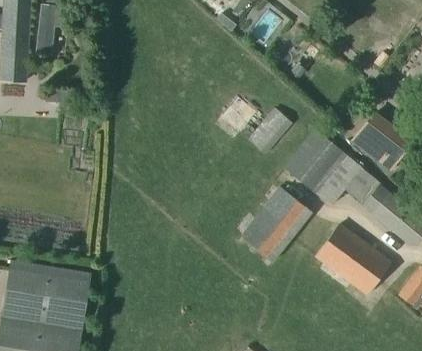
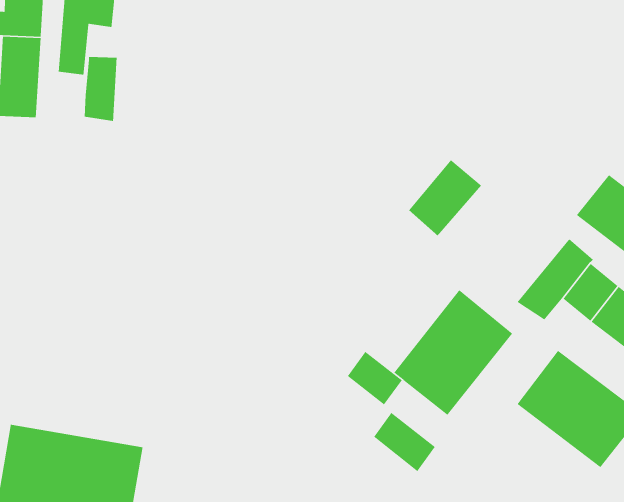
building: none -> [84,56,118,122]
building: [284,129,348,194] -> none
building: none -> [347,351,403,406]
building: none -> [373,412,436,472]

